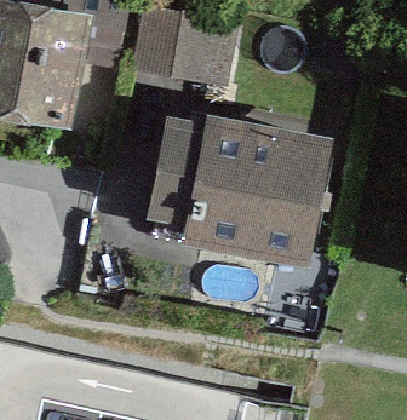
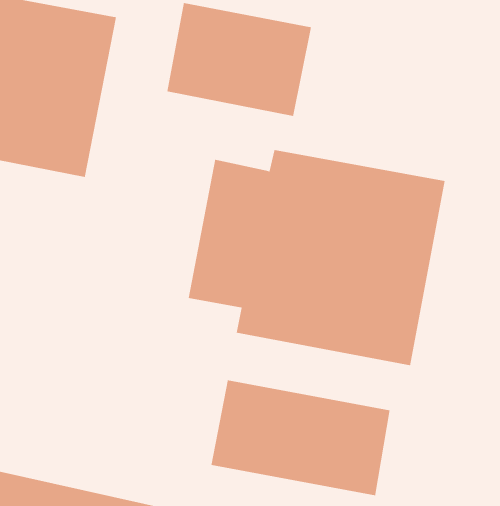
building: none -> [211,379,390,496]

